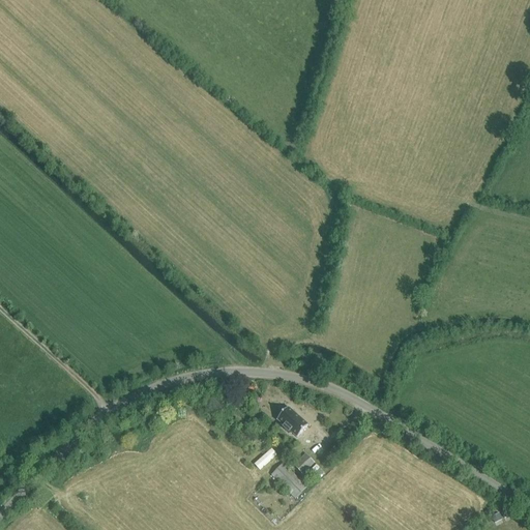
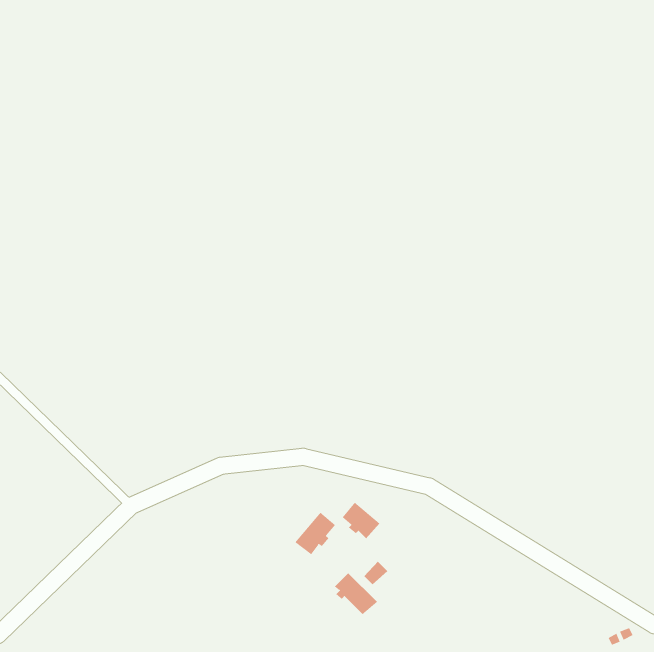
building: none -> [295,512,336,555]

